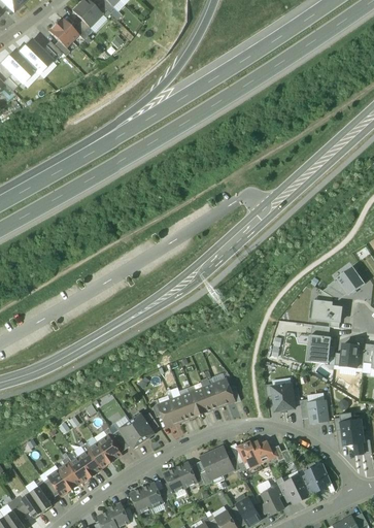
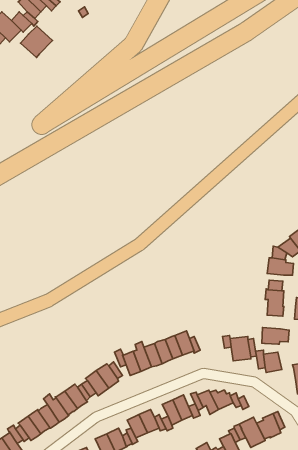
building: none -> [21,26,53,58]
building: none -> [262,328,289,344]

